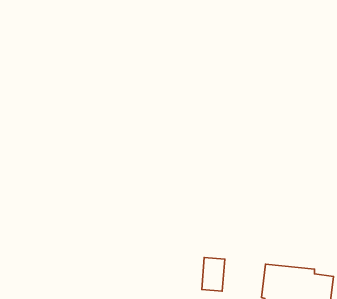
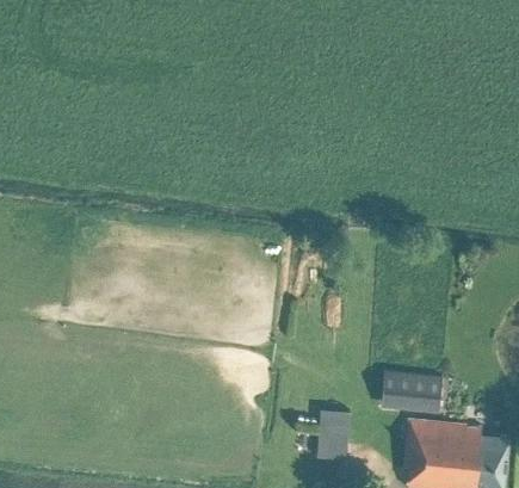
building: none -> [382,371,439,408]

